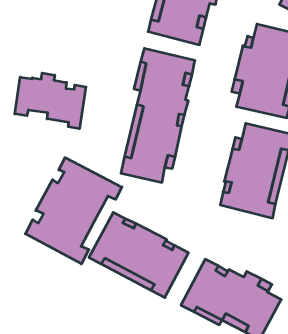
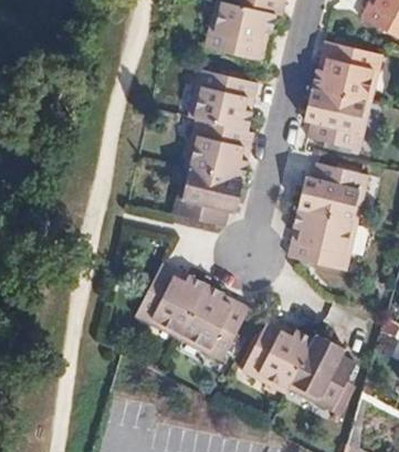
building: [15,73,86,129] -> none
building: [25,158,122,264] -> none

